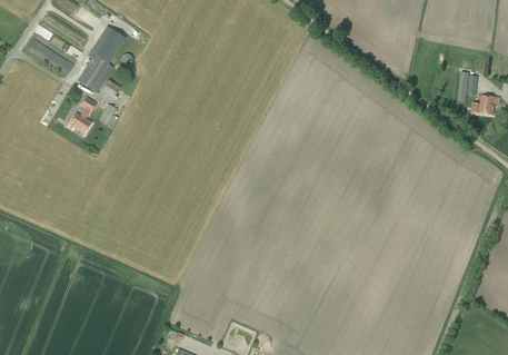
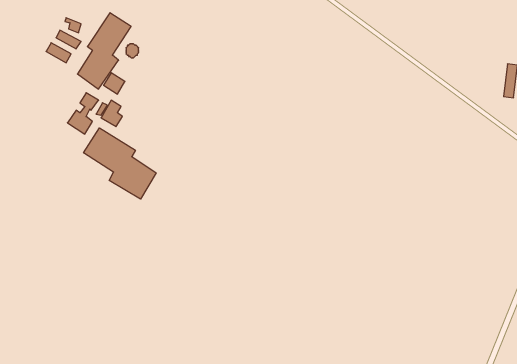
building: none -> [84,128,156,199]

